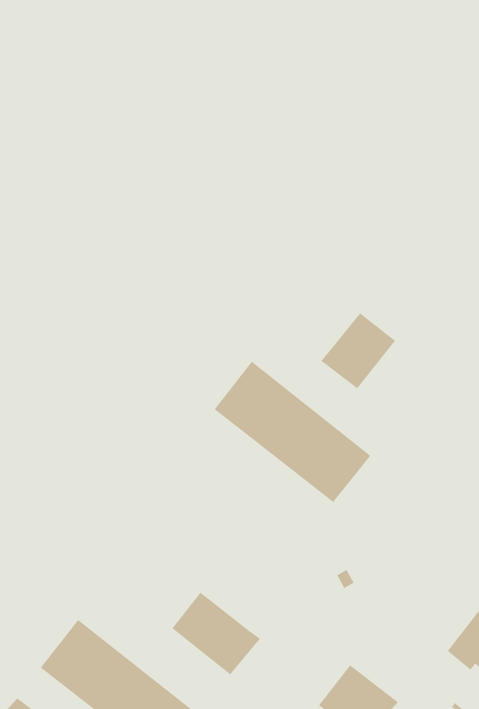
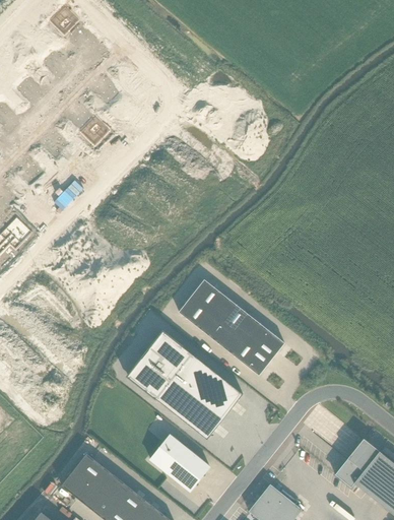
building: [320,312,396,389] -> none
building: none -> [128,331,242,438]

